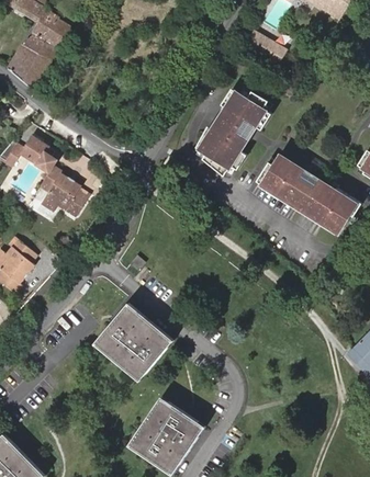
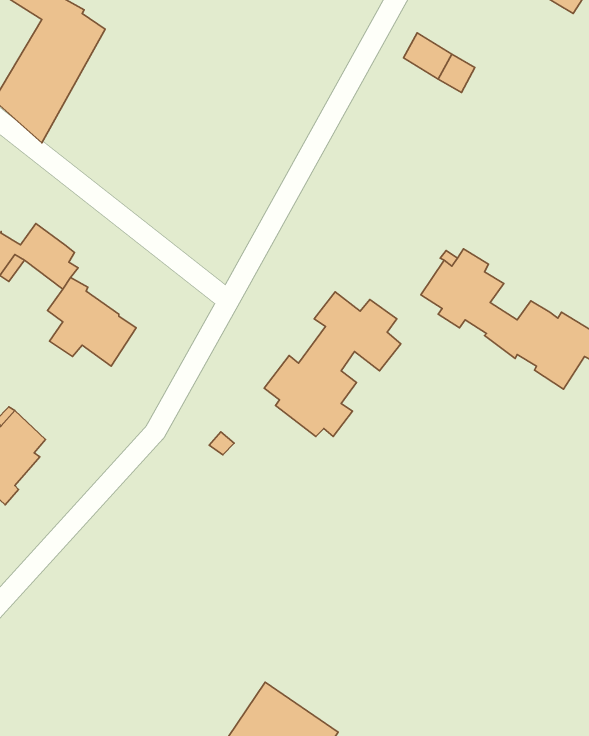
building: [193,84,271,167] -> [264,292,401,436]
building: [97,304,172,379] -> none

